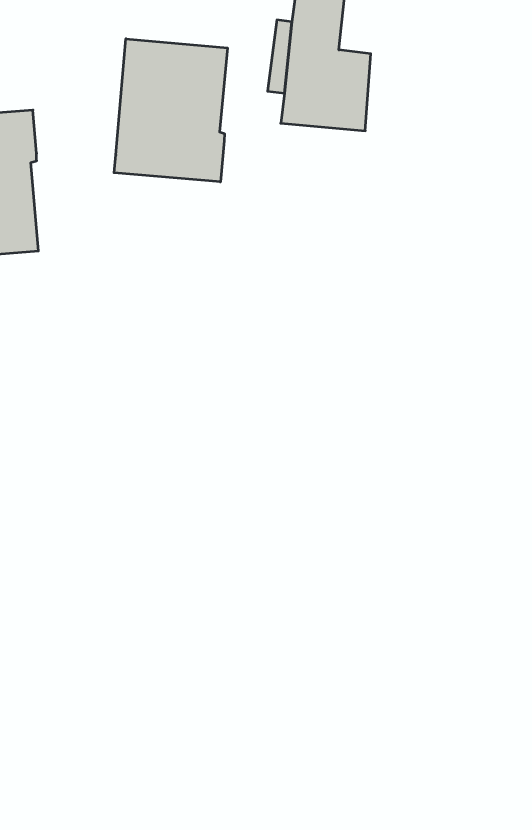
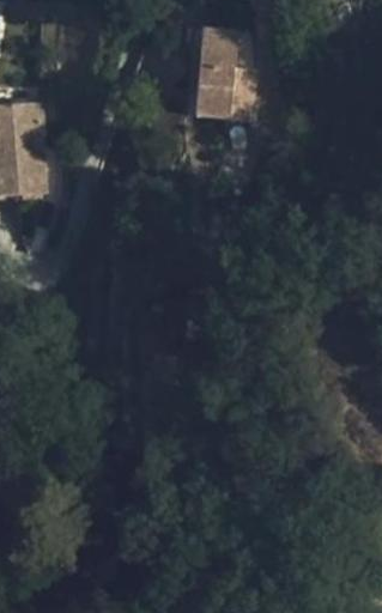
building: [114,39,227,182] -> none

